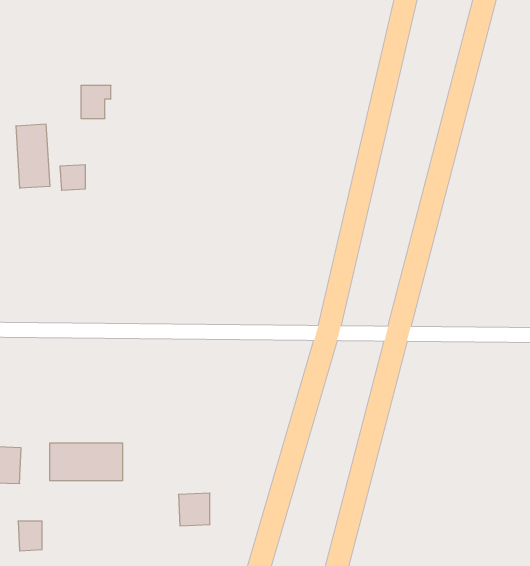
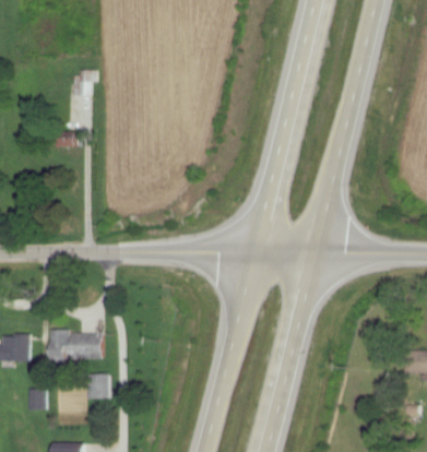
building: [16,124,50,188] -> none
building: [178,493,210,526] -> [85,374,108,399]

